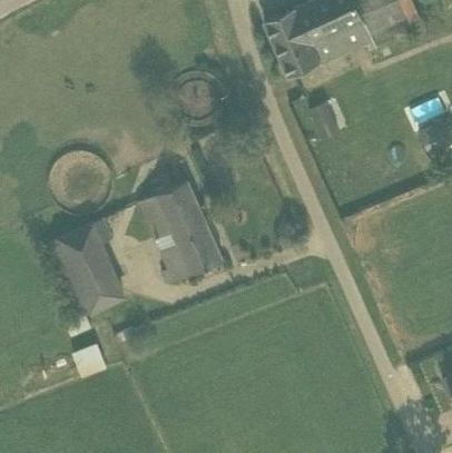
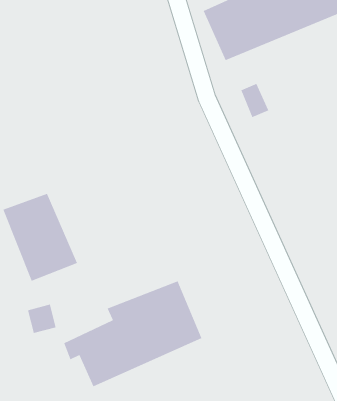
building: [138,179,223,285] -> none
building: none -> [64,280,202,387]

